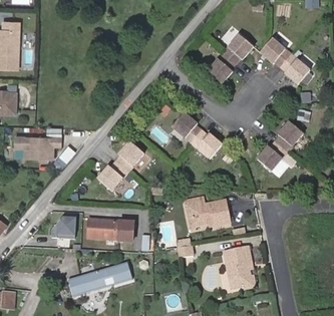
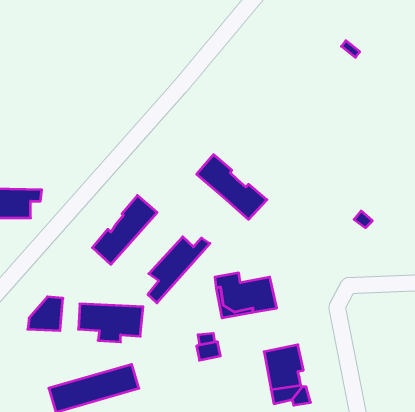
building: [208,34,254,83] -> none
building: [261,38,310,84] -> none
building: [258,121,304,172] -> none
building: none -> [148,237,210,303]

